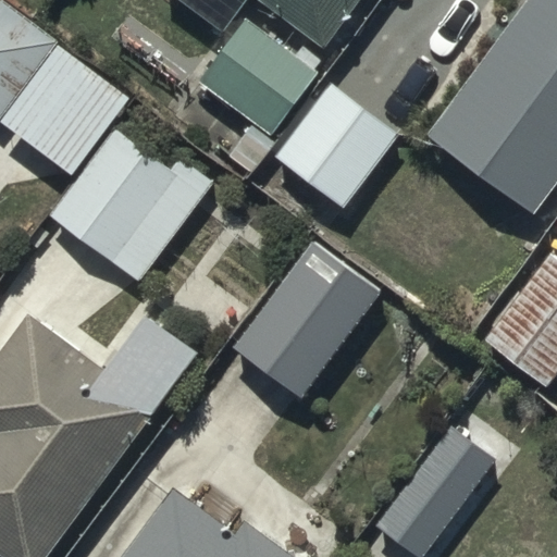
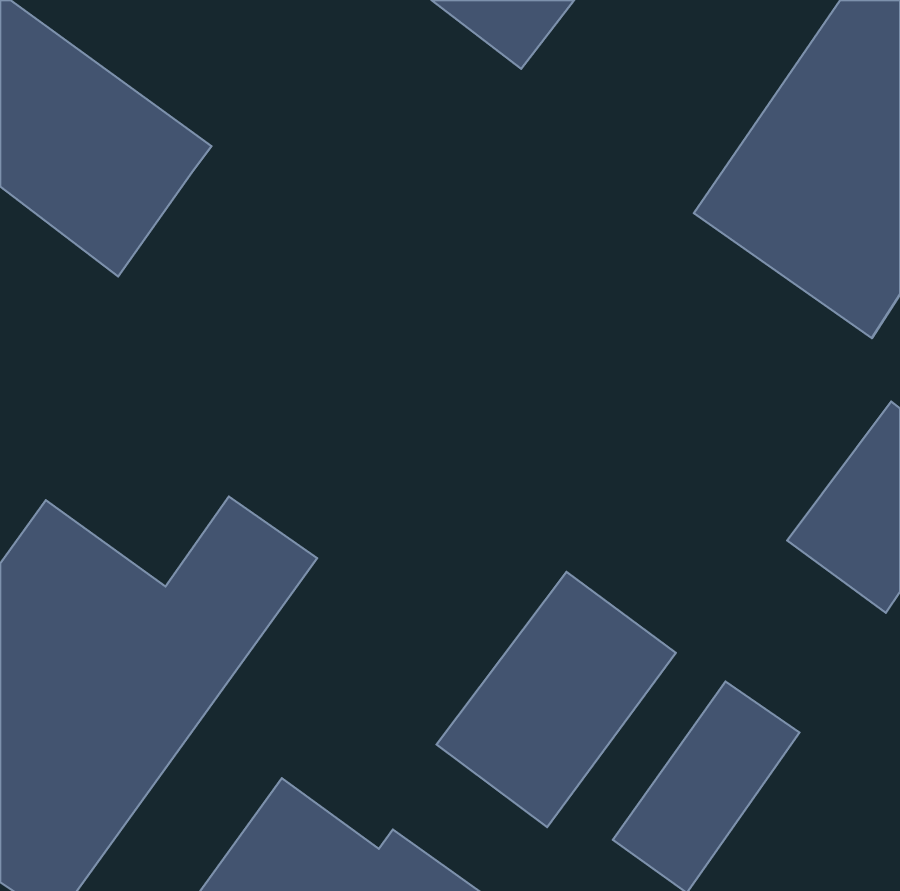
building: [191,18,317,173] -> none
building: [275,84,398,207] -> none
building: [50,127,216,284] -> none
building: [234,238,382,396] -> [436,572,676,827]

